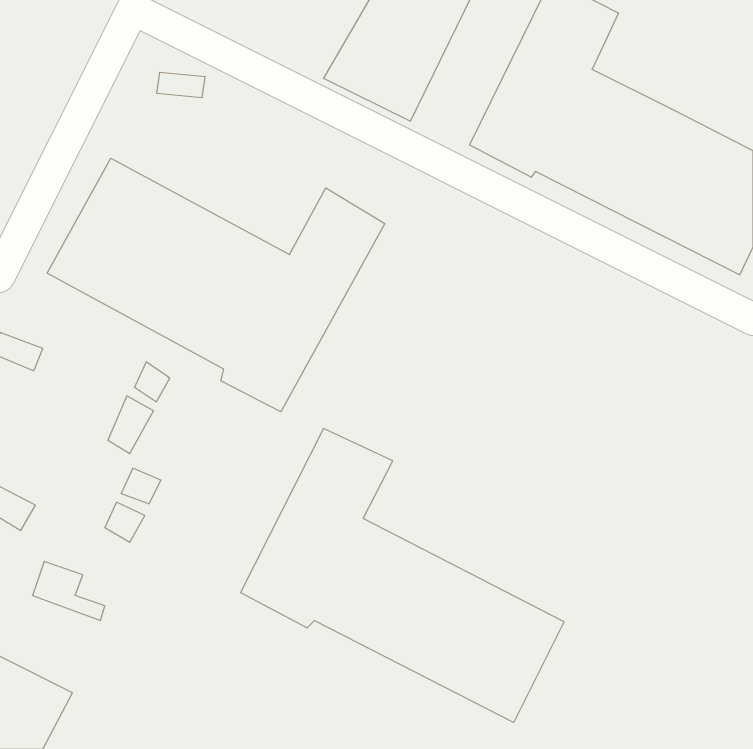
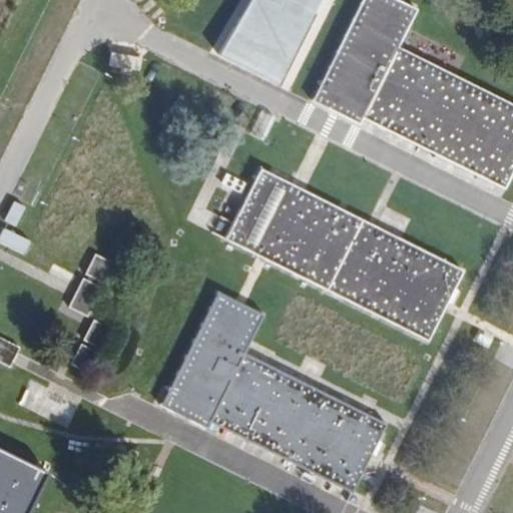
building: [47,158,385,412] -> none
building: none -> [228,166,460,339]

